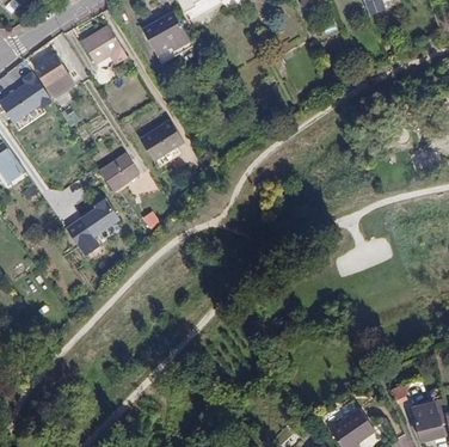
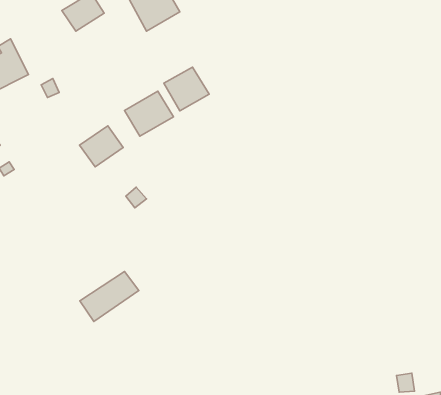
building: [35,54,75,98] -> none
building: none -> [164,67,209,111]
building: [66,201,121,247] -> [80,271,139,321]

